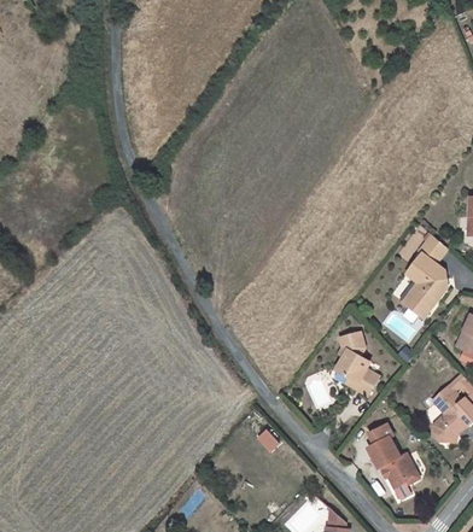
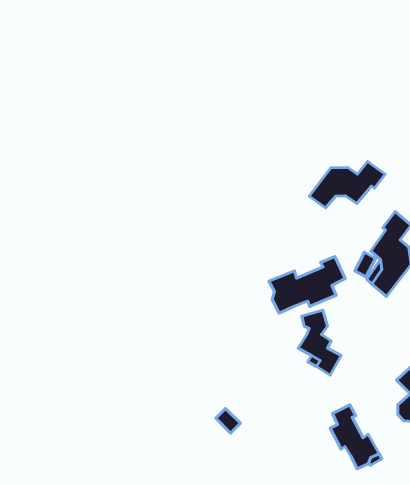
building: none -> [309,161,385,208]
building: none -> [269,257,345,313]

